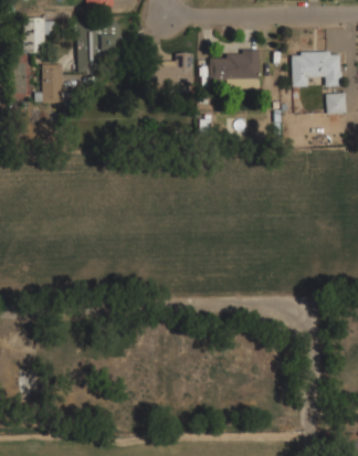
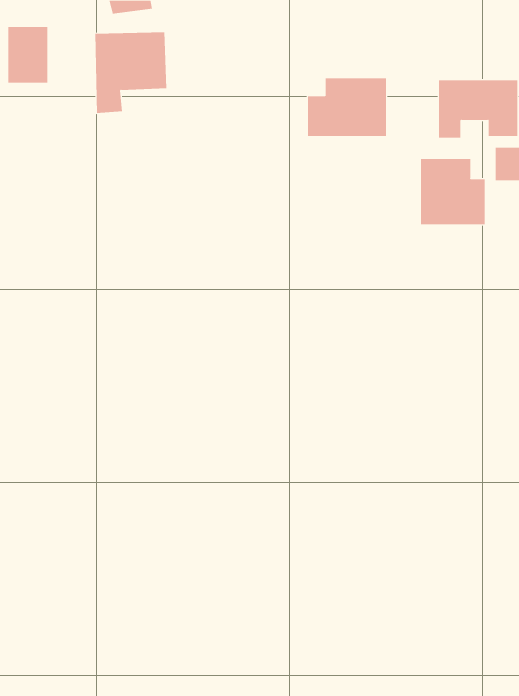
building: [147,53,193,86] -> none
building: [36,63,62,104] -> none
building: none -> [420,158,485,225]

